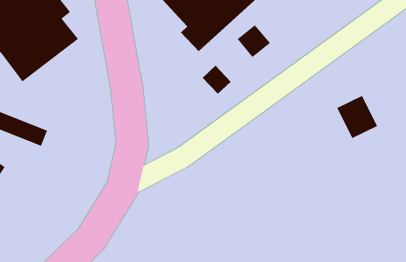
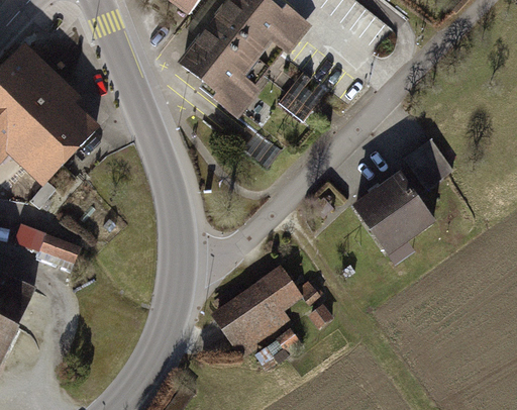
building: none -> [352,170,436,255]
building: none -> [211,264,334,353]

